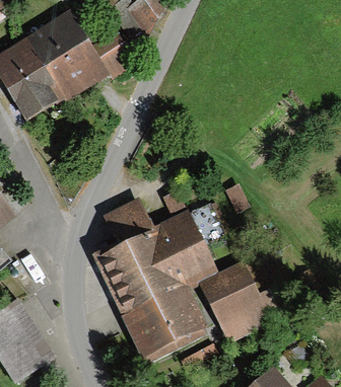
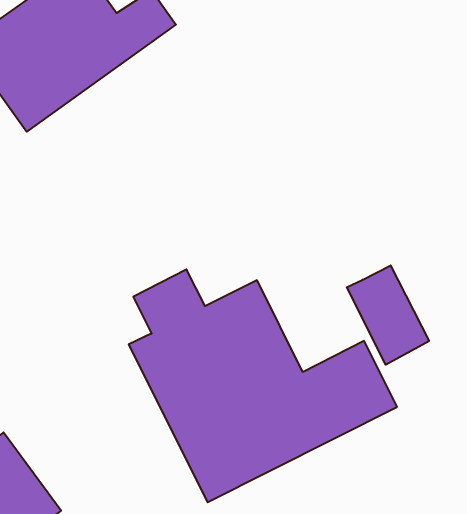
building: none -> [347,265,429,365]

